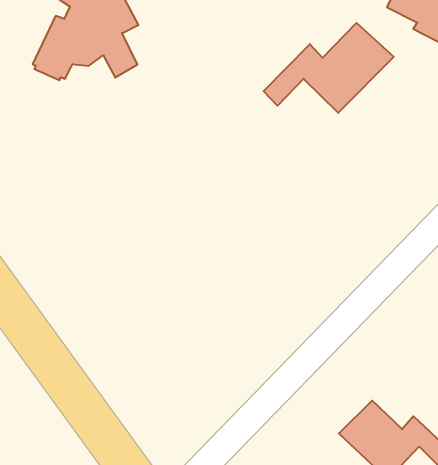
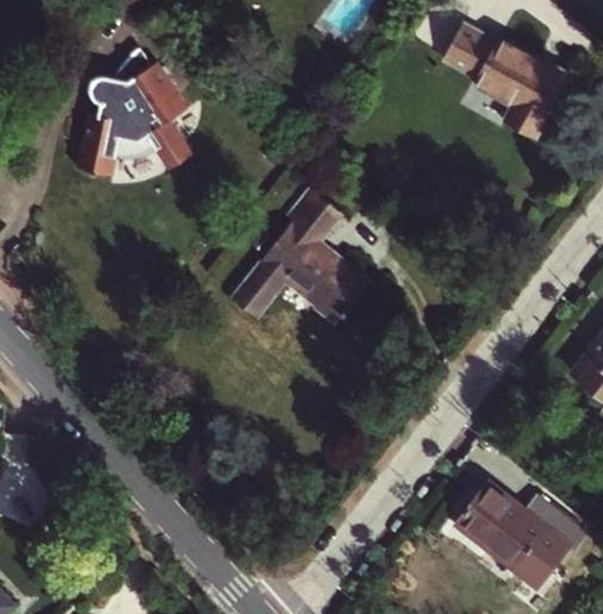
building: [264,23,394,113] -> none
building: none -> [233,187,369,324]

